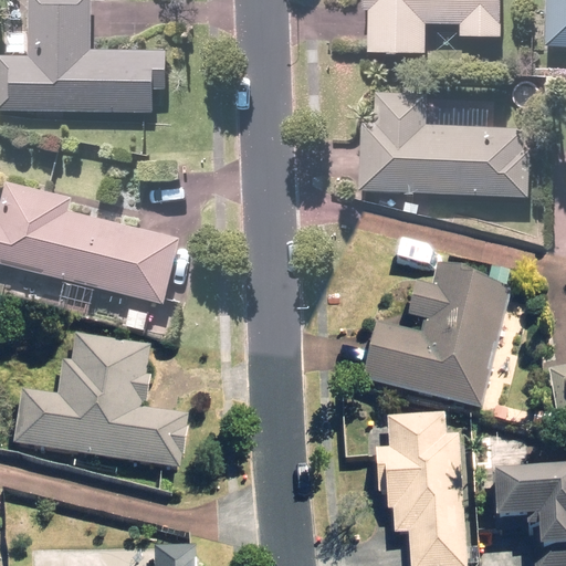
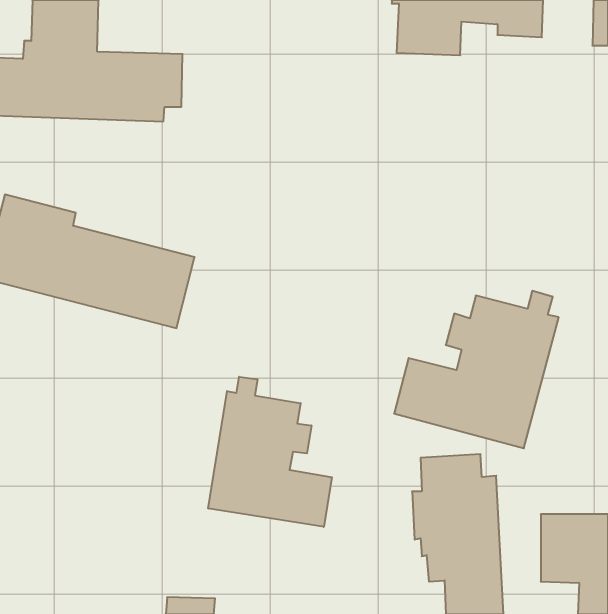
building: [354,90,527,192] -> none
building: [14,337,188,472] -> none
building: none -> [208,377,332,527]

